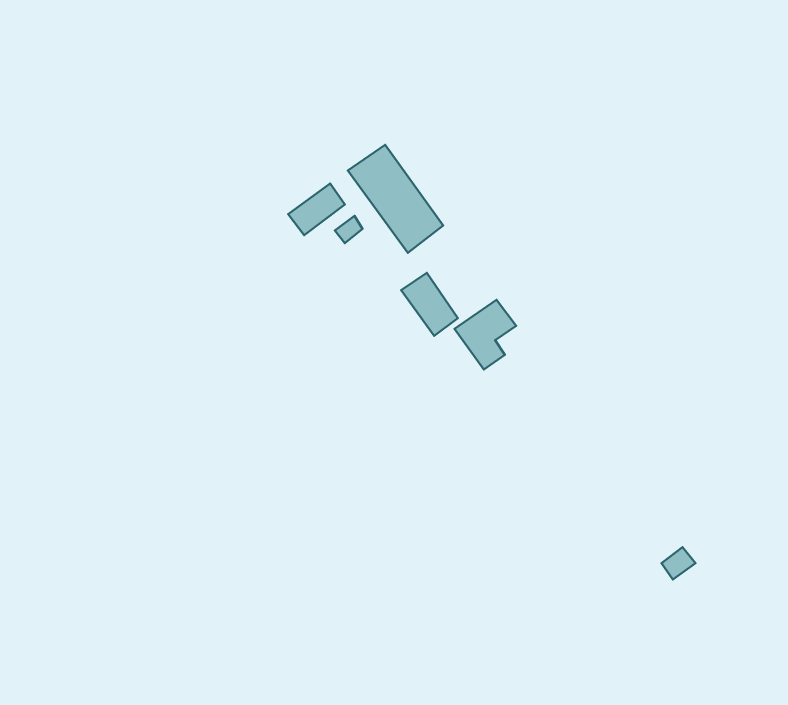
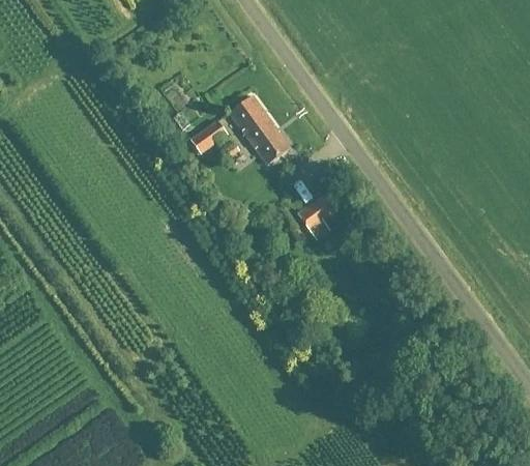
building: [401,273,458,336] -> none

